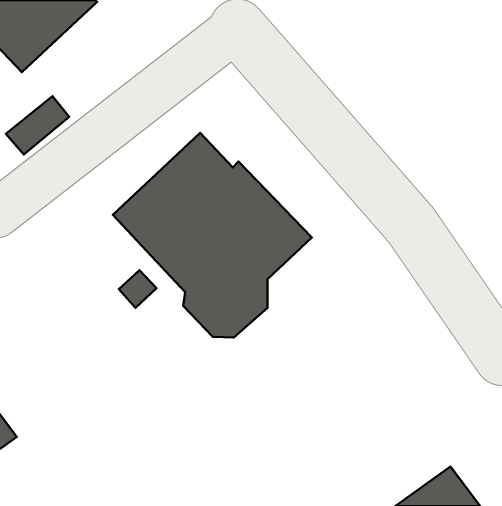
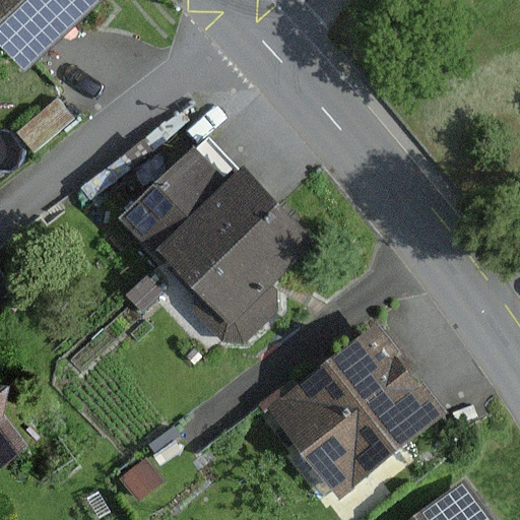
building: none -> [264,322,446,499]

